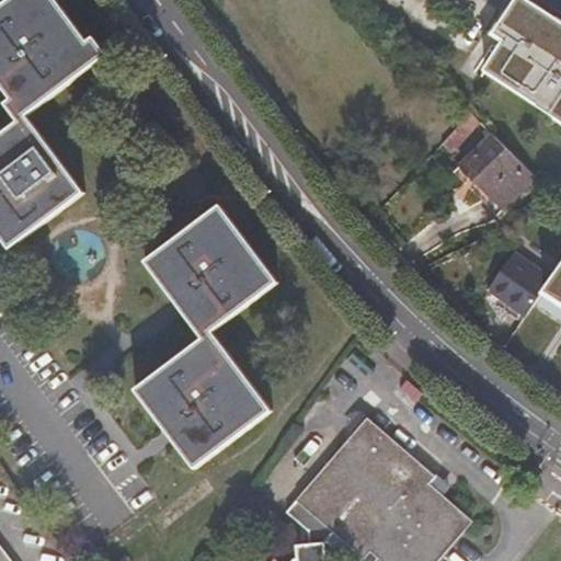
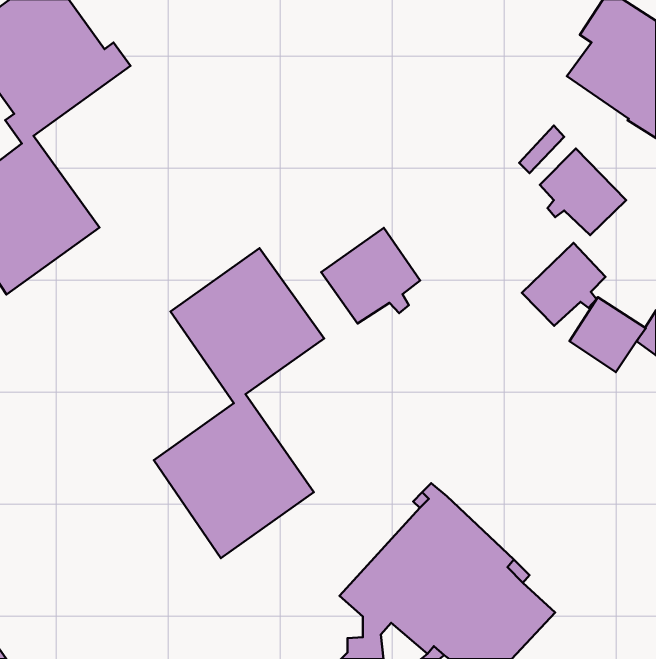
building: none -> [321,228,420,324]
building: none -> [522,243,606,326]

